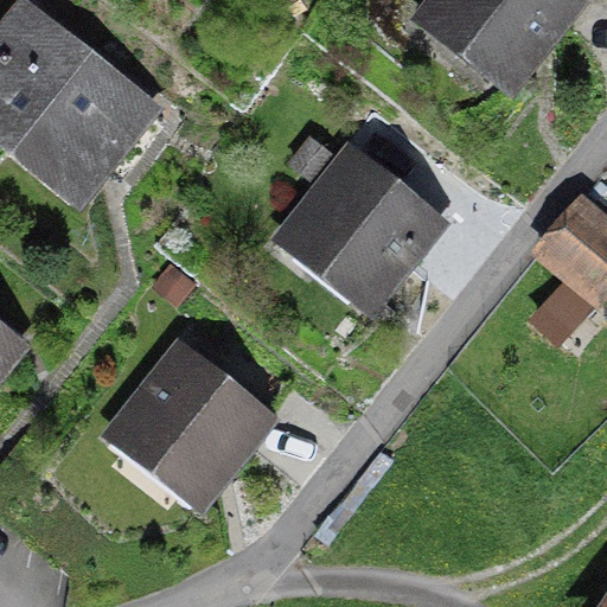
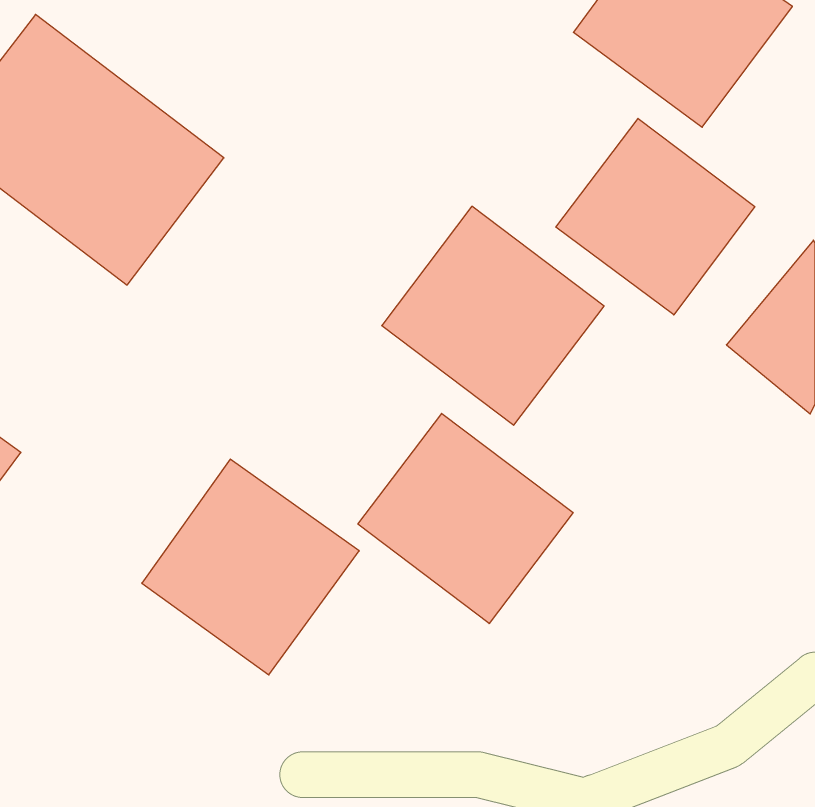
building: none -> [556,118,755,315]
building: none -> [358,413,573,624]

